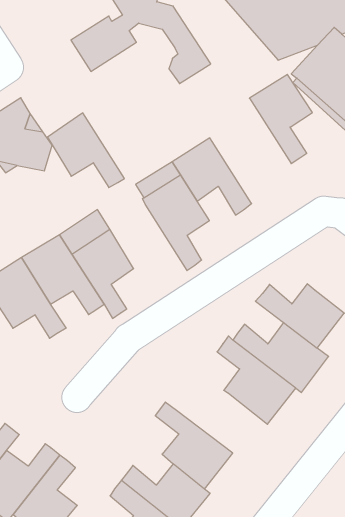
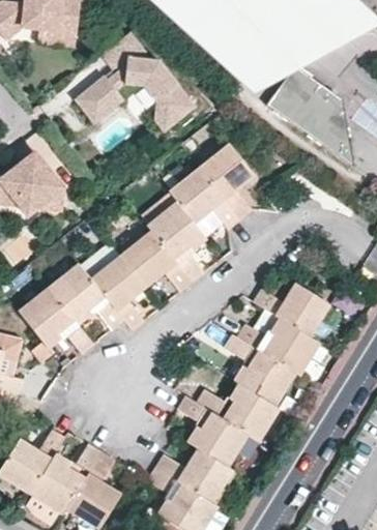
building: [249,74,312,164] -> [199,144,254,219]
building: [47,113,124,188] -> [122,231,192,292]
building: none -> [196,383,280,441]

